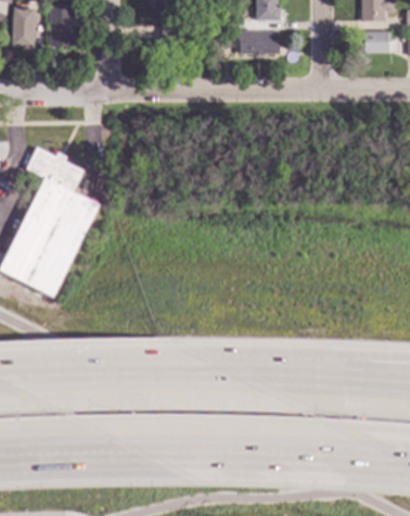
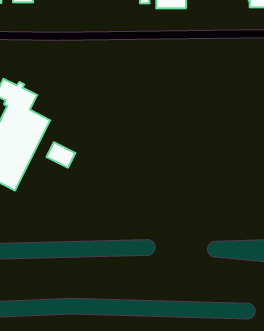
building: none -> [47,142,75,168]

